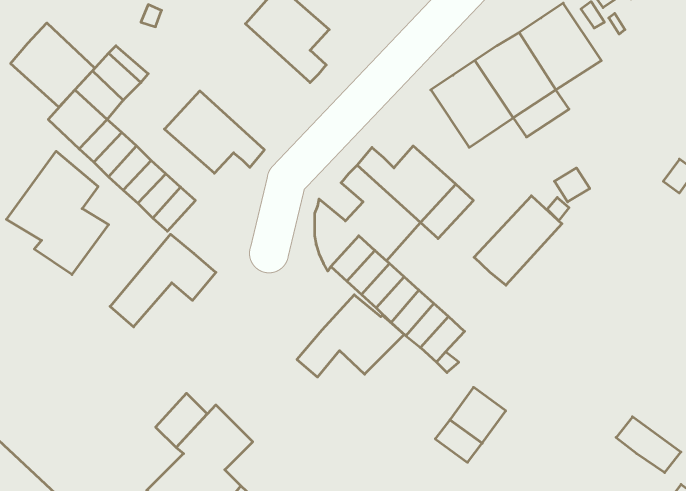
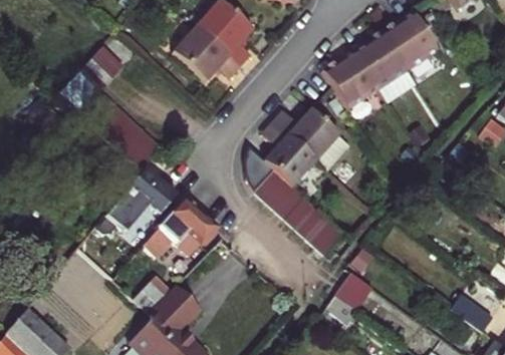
building: [11,23,95,107] -> none
building: [164,91,264,173] -> [173,25,241,81]
building: [6,151,109,275] -> none
building: [474,196,562,285] -> none
building: [297,295,404,377] -> [145,200,218,256]

